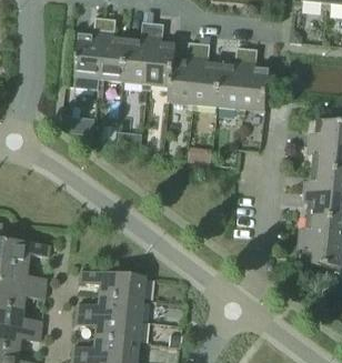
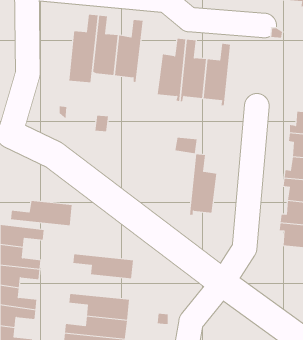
building: [147,22,177,89] -> none
building: [241,48,271,113] -> [189,154,217,215]
building: [76,293,142,320] -> [10,201,73,226]

